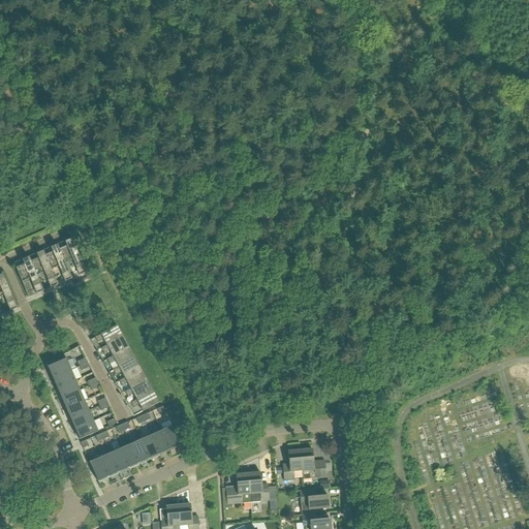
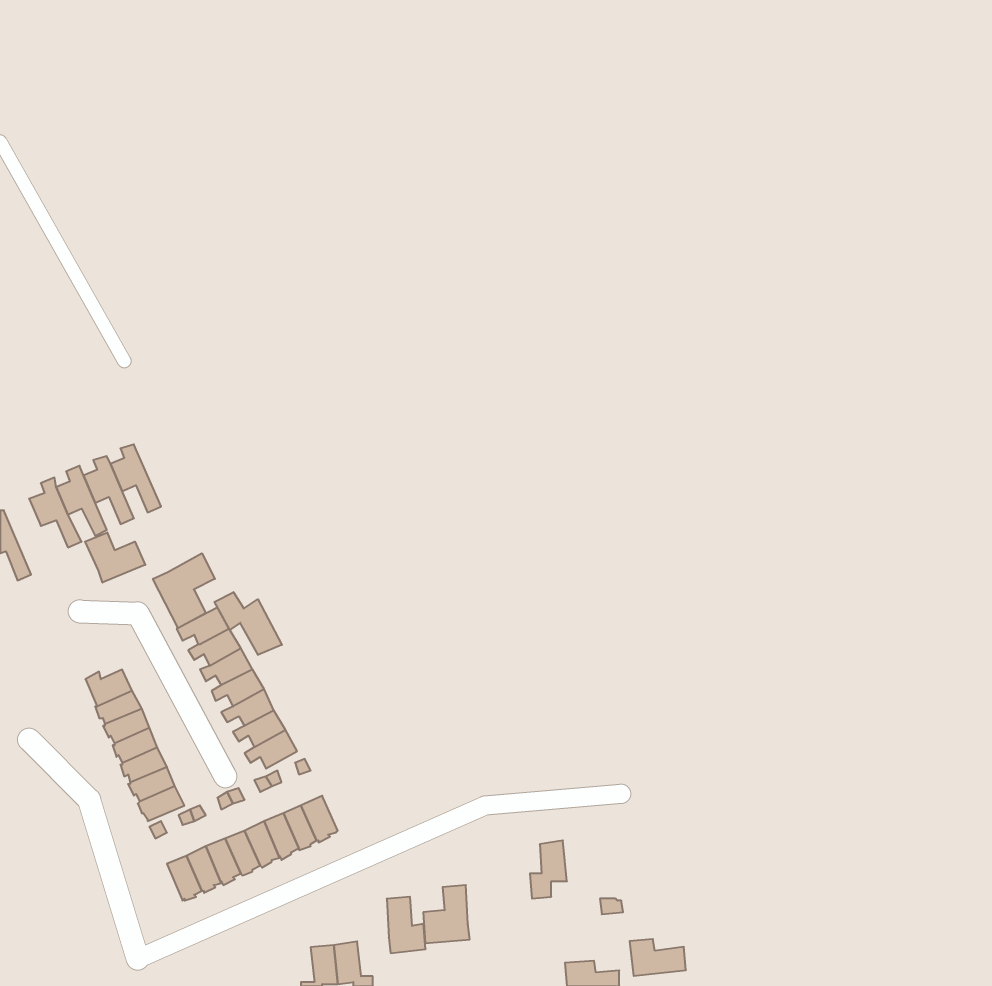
building: none -> [85,532,145,583]
building: none -> [153,553,215,628]
building: none -> [214,592,282,655]
building: [300,446,325,475] -> none
building: [248,470,269,500] -> [387,897,426,953]
building: [299,489,329,508] -> [630,939,686,976]

